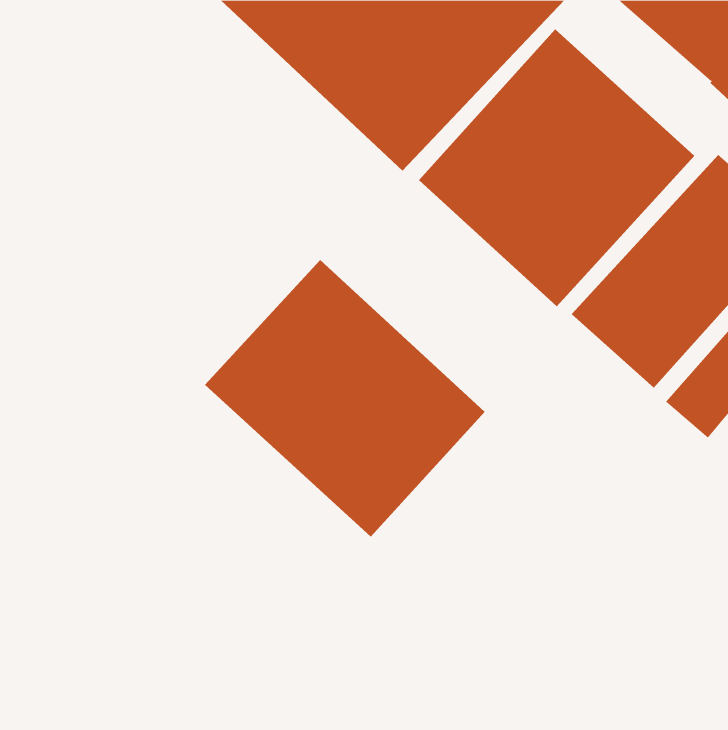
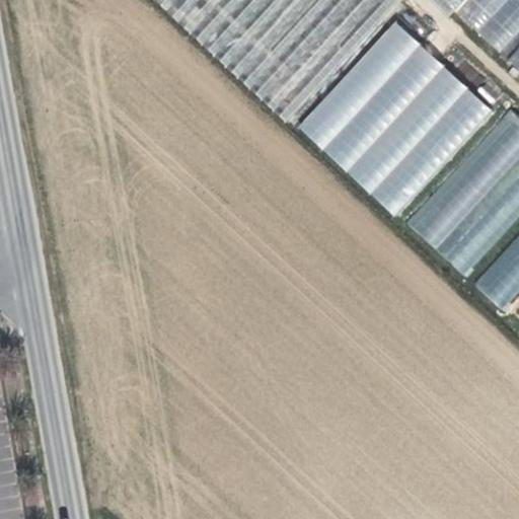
building: [204,259,485,538] -> none

